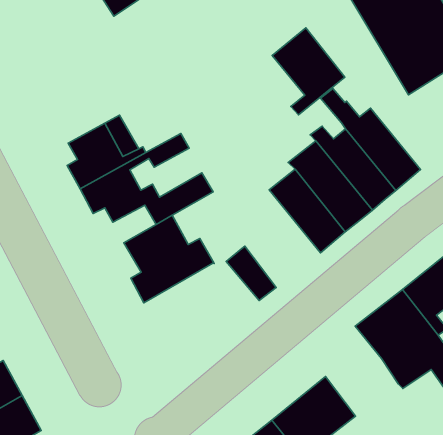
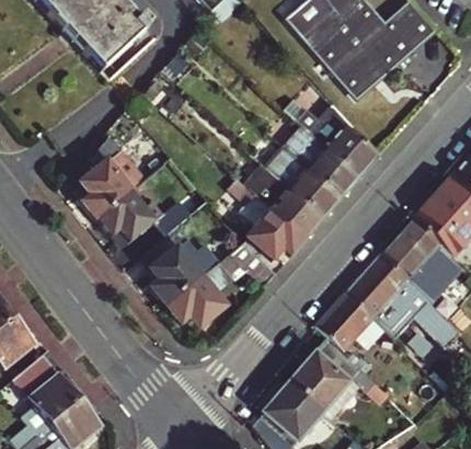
building: [272,28,345,115] -> none
building: none -> [228,177,306,258]
building: none -> [166,262,231,326]
building: none -> [317,293,371,348]

